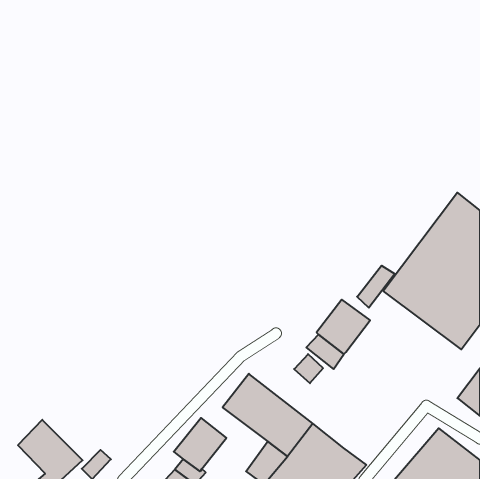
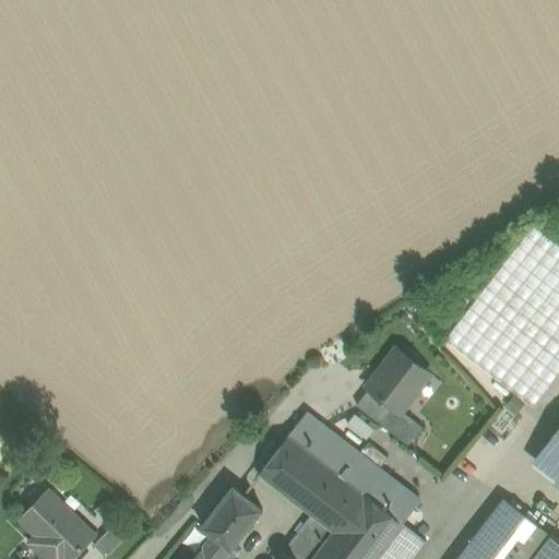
building: [357,266,395,308] -> none
building: none -> [388,411,424,447]
building: none -> [289,413,418,522]

